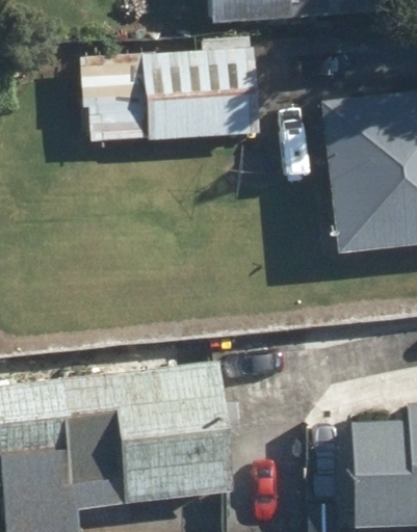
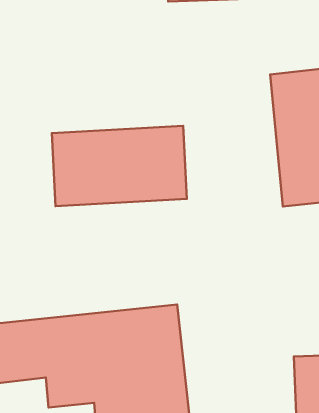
building: [105,48,259,139] -> [52,126,187,206]

